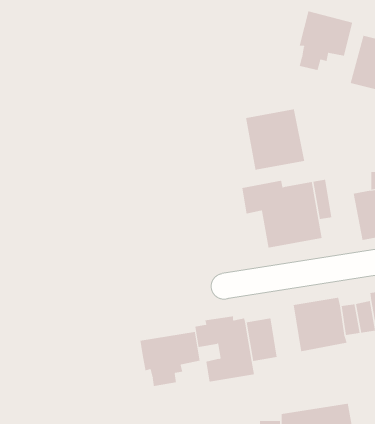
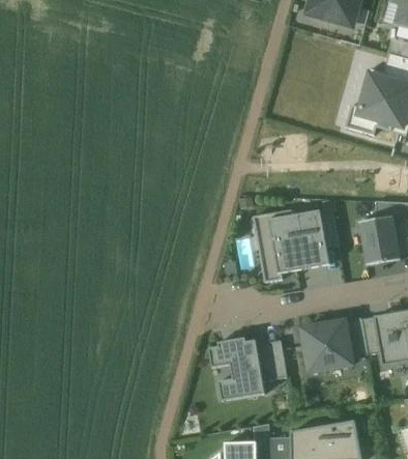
building: [299,11,353,71] -> none
building: [246,108,305,170] -> none
building: [140,331,200,387] -> none

